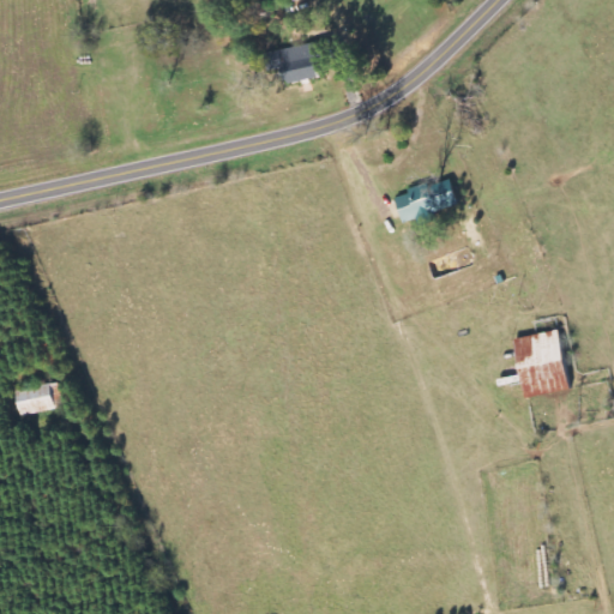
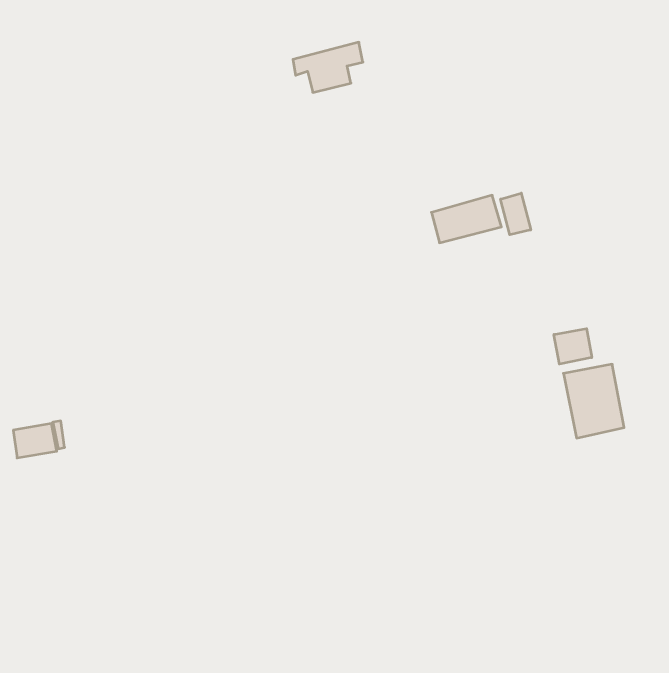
building: none -> [501,193,531,235]
building: none -> [554,329,592,364]

